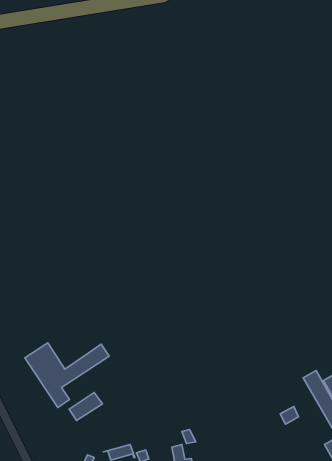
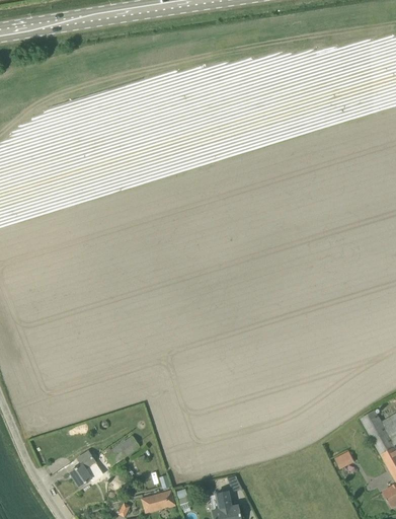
building: [25,343,109,407] -> none
building: none -> [70,451,96,487]

